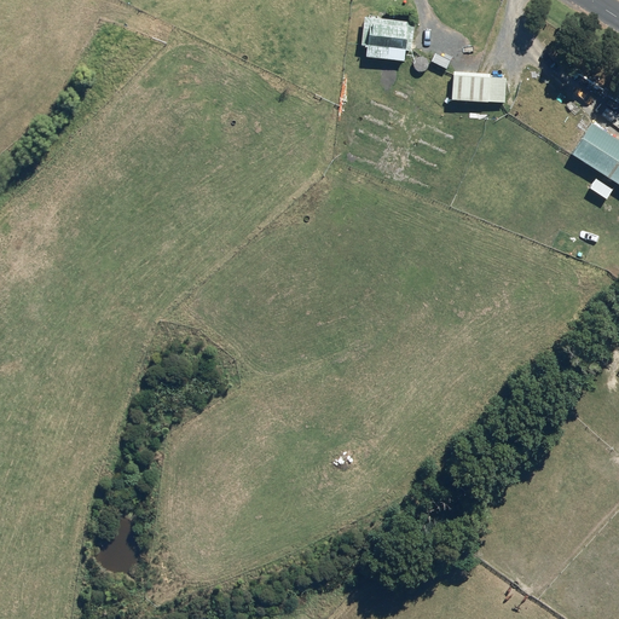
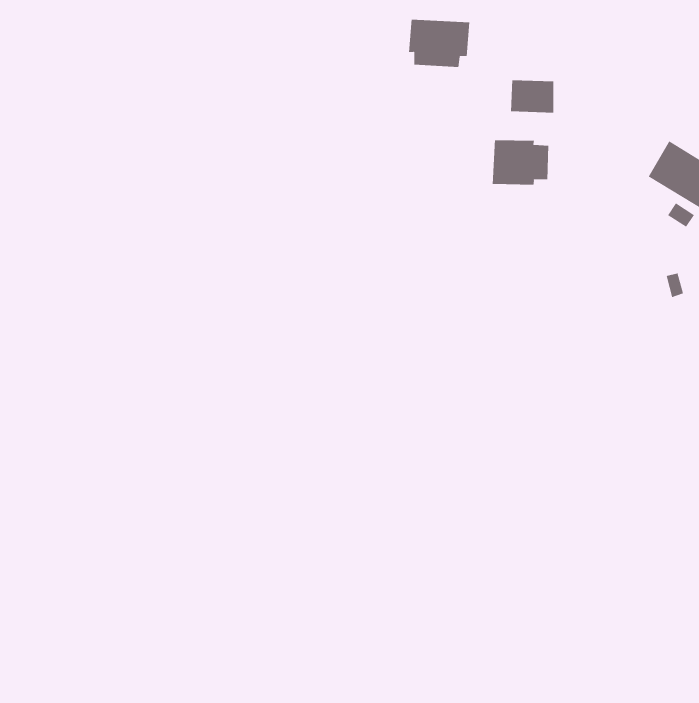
building: none -> [492,139,549,185]

